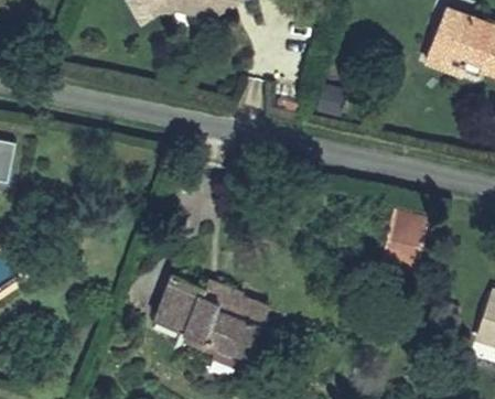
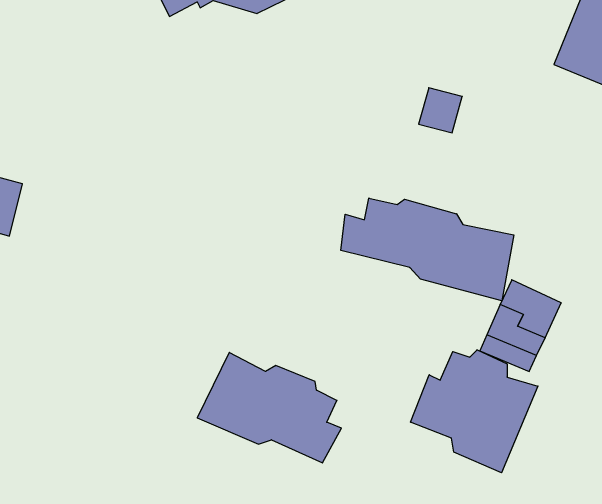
building: none -> [341,198,514,301]
building: none -> [411,350,538,473]

